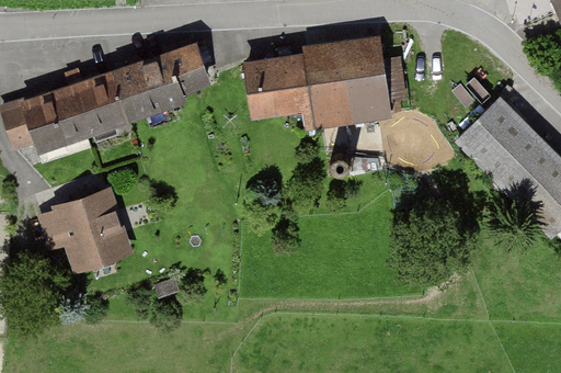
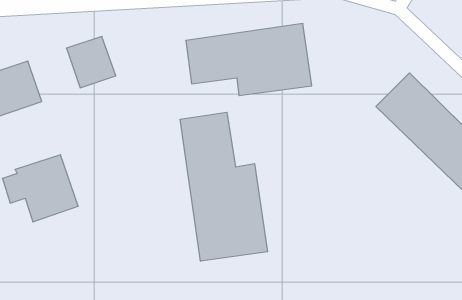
building: [154,45,208,103] -> none
building: [68,71,130,132] -> none
building: none -> [180,112,268,261]

